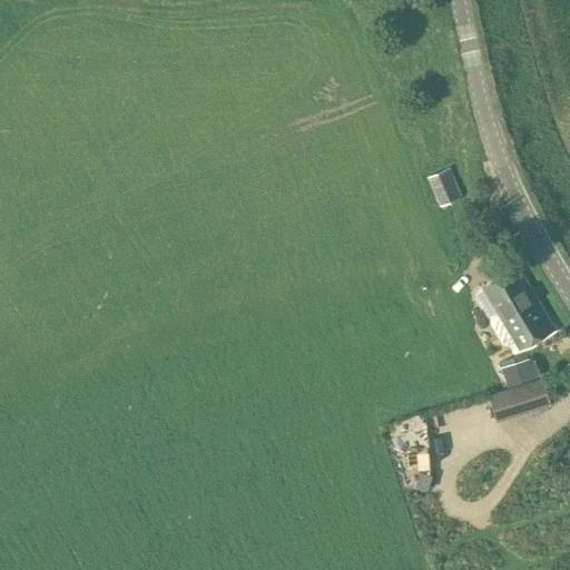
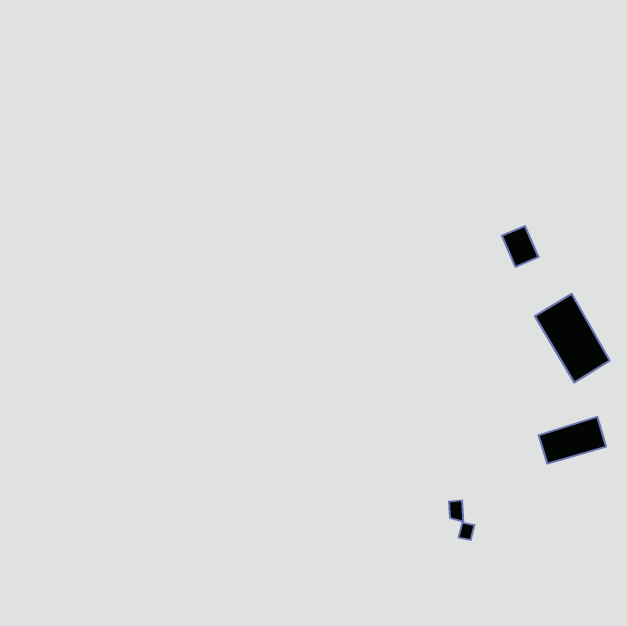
building: [428,169,461,206] -> [502,226,539,267]
building: [502,358,537,385] -> none

